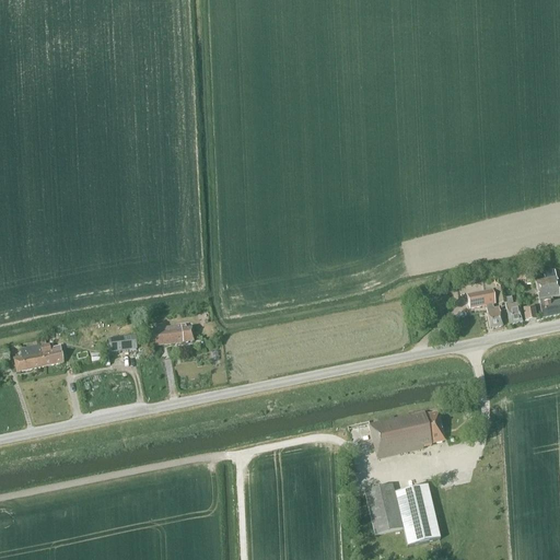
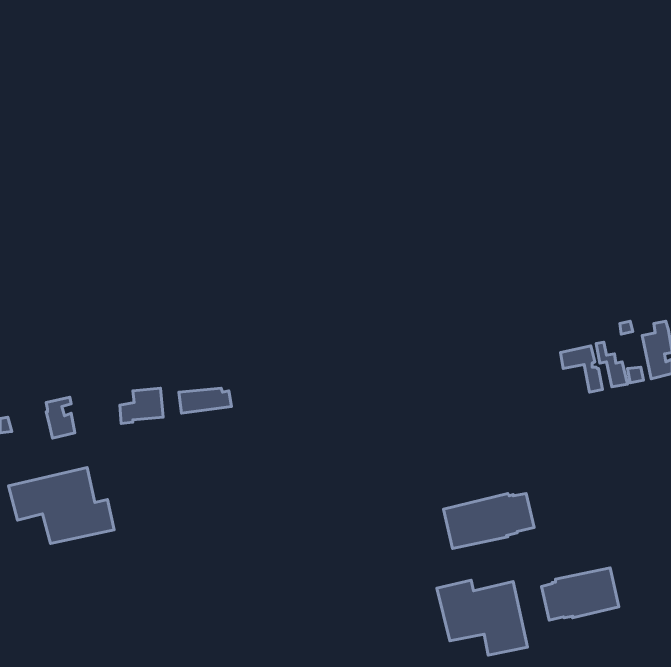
building: [13,342,45,370] -> none
building: none -> [8,467,114,543]
building: none -> [542,568,619,620]

